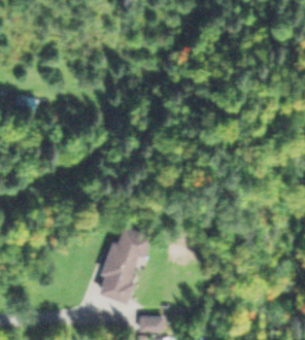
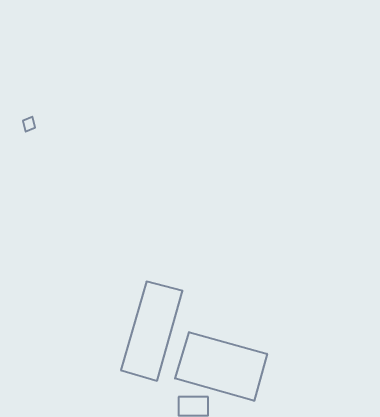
building: none -> [175,332,267,401]

